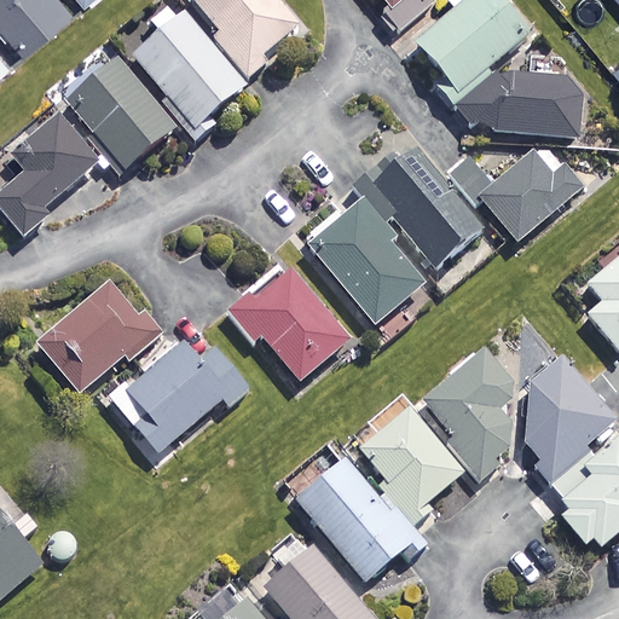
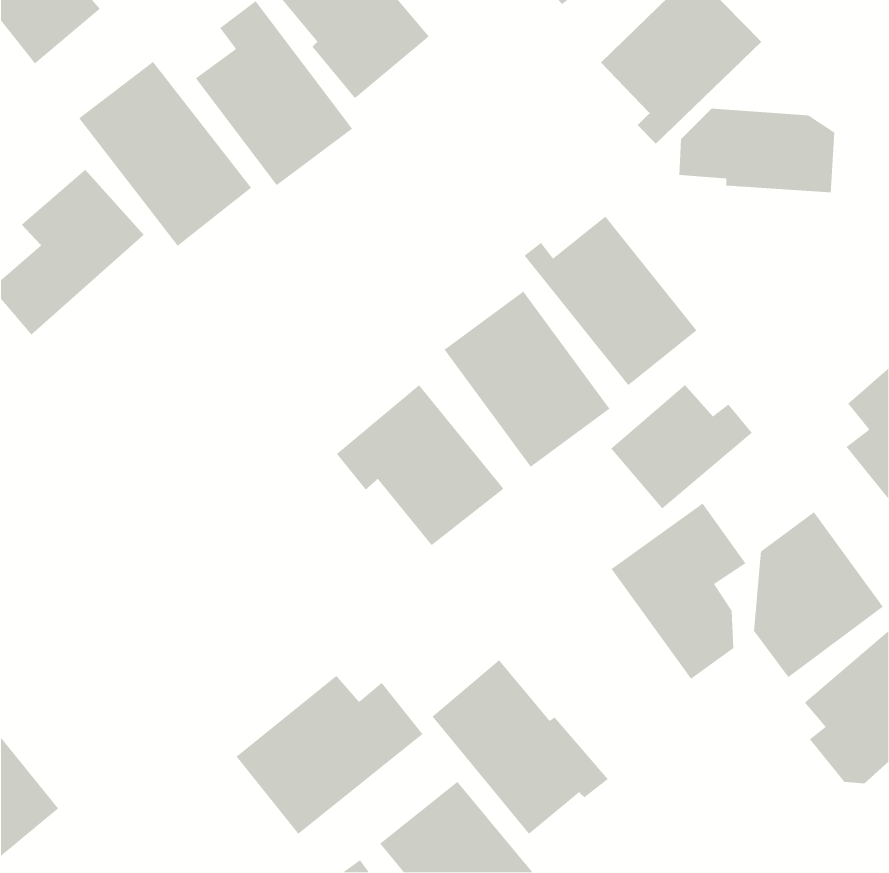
building: [481,154,580,241] -> [610,384,753,509]
building: [39,282,154,392] -> none
building: [115,341,245,452] -> [236,675,423,835]
building: [360,392,463,511] -> none

